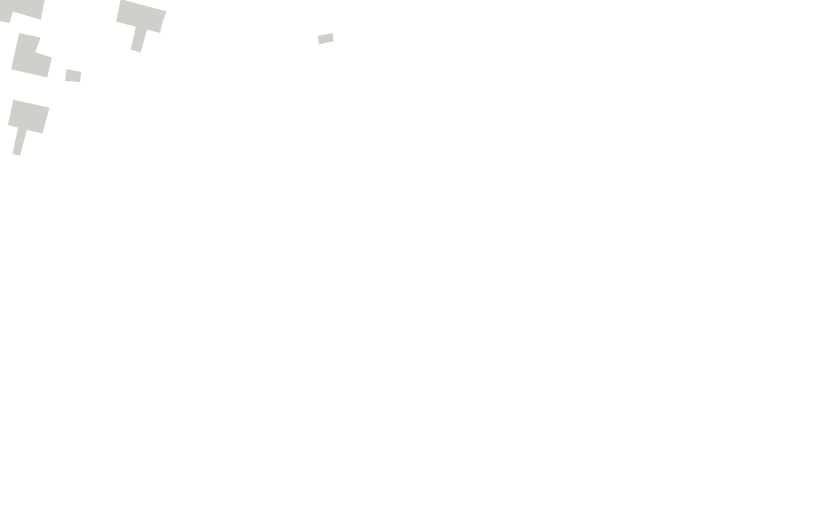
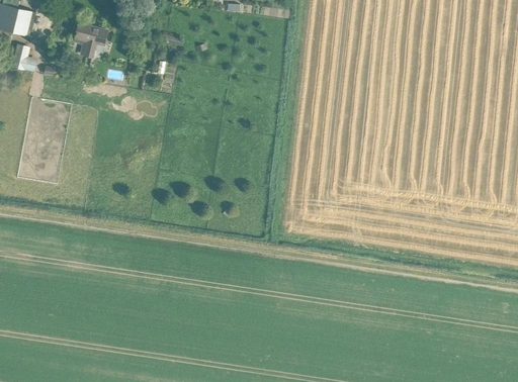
building: [7,99,51,156] -> none

